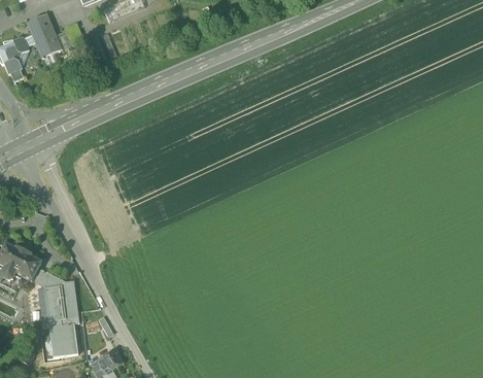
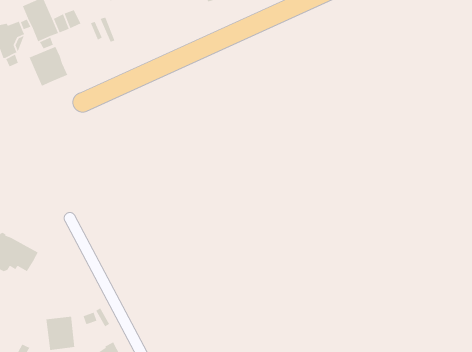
building: none -> [29,46,69,87]
building: [31,269,78,325] -> none

